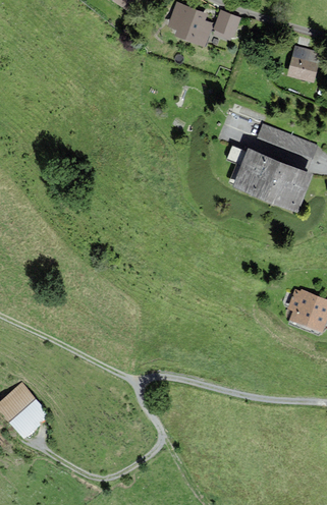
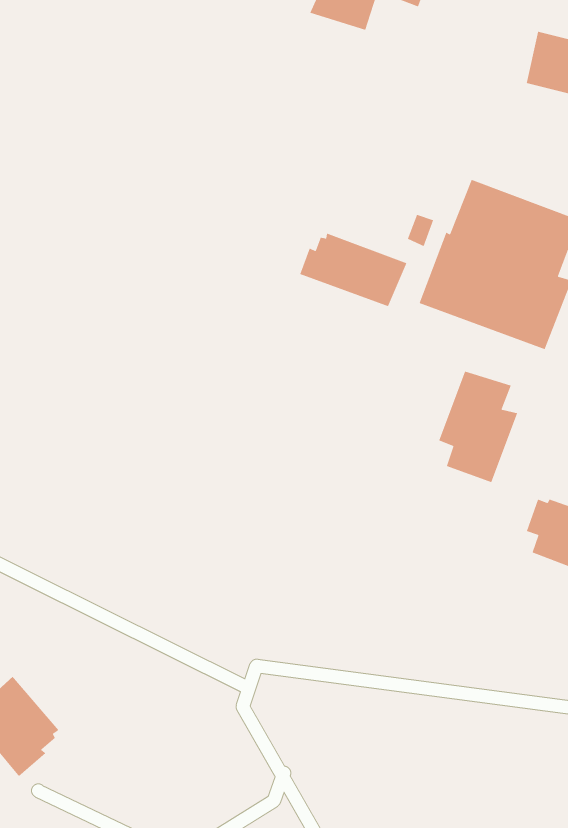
building: none -> [299,232,408,307]
building: none -> [438,370,518,483]

